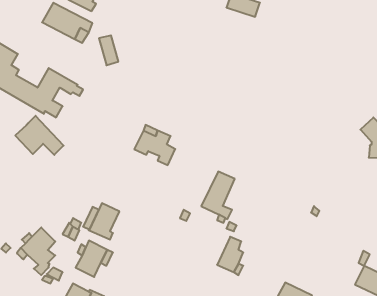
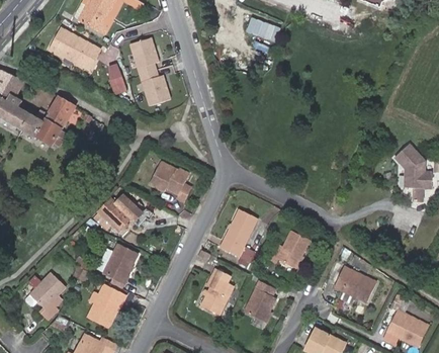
building: none -> [131,38,173,107]
building: [15,116,64,155] -> [96,191,149,234]
building: none -> [267,232,310,269]
building: none -> [328,267,371,302]
building: none -> [202,271,235,316]

